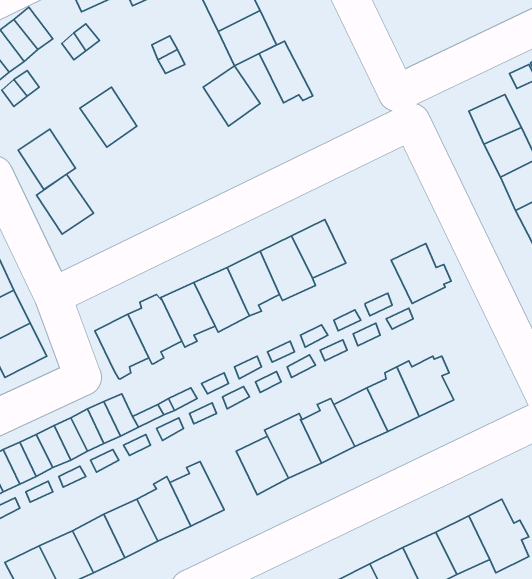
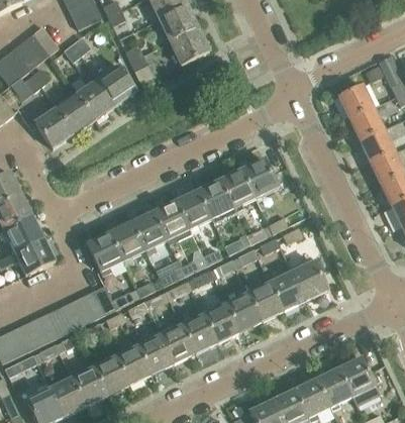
building: [259,41,313,103] -> none
building: [203,66,260,126] -> [98,66,136,106]
building: [37,174,94,234] -> [57,94,95,134]
building: [391,243,451,304] -> [241,157,282,198]
building: none -> [158,320,196,363]

